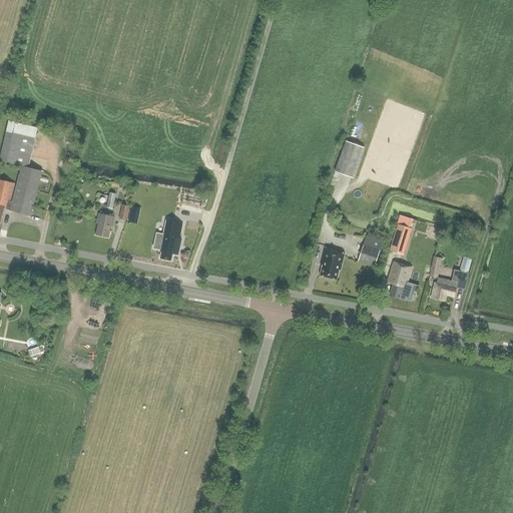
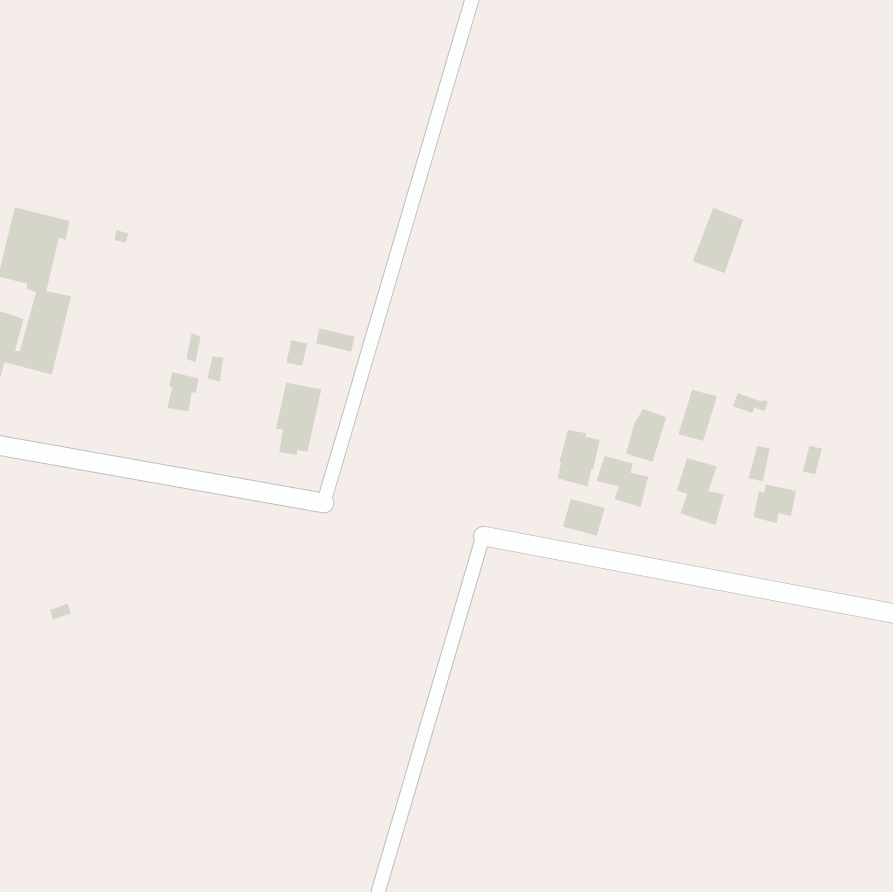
building: [334,138,364,176] -> [692,207,744,274]
building: none -> [596,455,649,508]
building: none -> [562,498,605,536]

